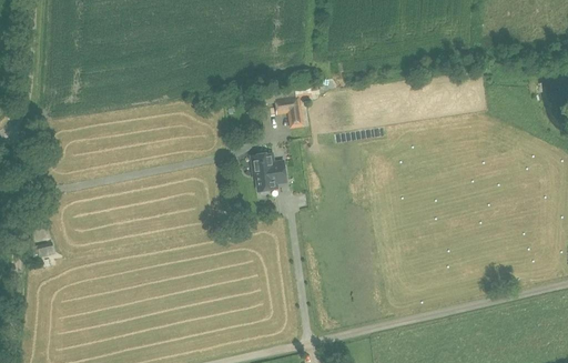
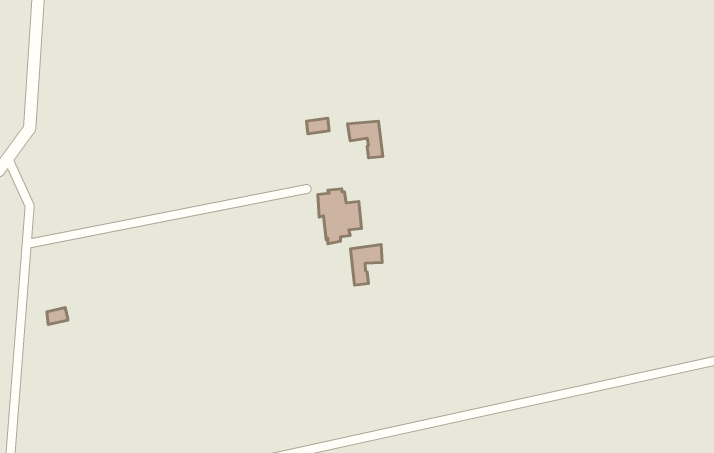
building: none -> [351,245,382,285]

